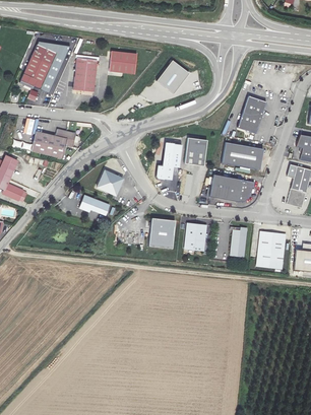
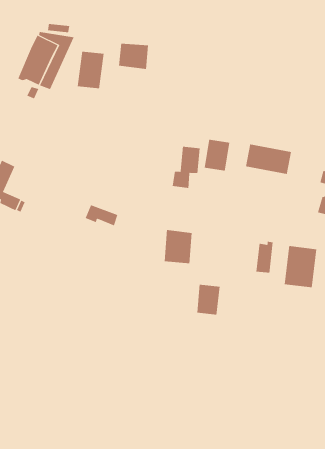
building: [157,61,190,93] -> none
building: [237,95,266,133] -> none
building: [30,129,75,159] -> none
building: [97,168,123,194] -> none
building: [206,174,254,201] -> none
building: [185,223,206,251] -> [196,284,220,315]

